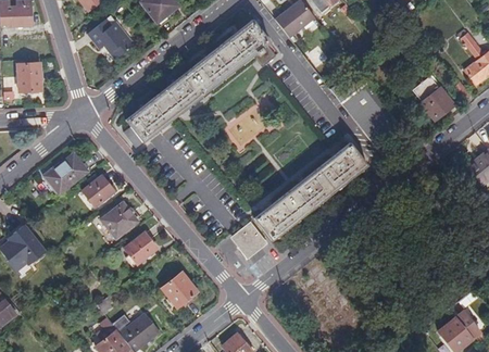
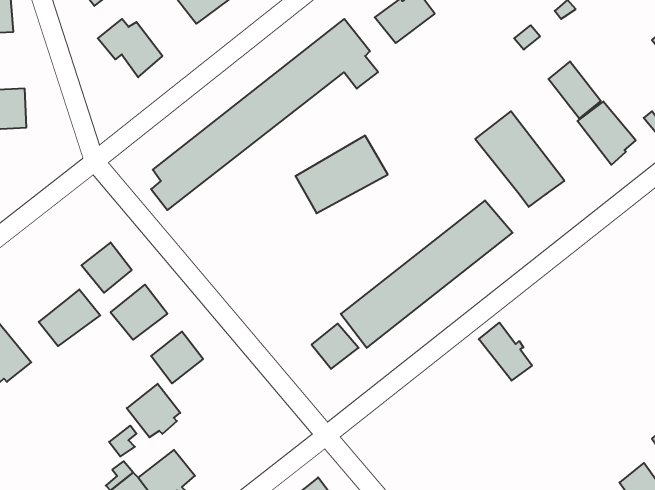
building: none -> [548,61,601,119]
building: [43,152,85,190] -> [39,289,100,346]
building: none -> [479,323,532,381]
building: [159,274,195,310] -> [127,384,180,437]

